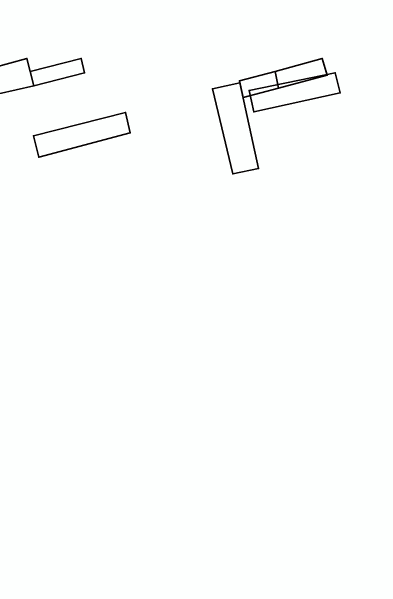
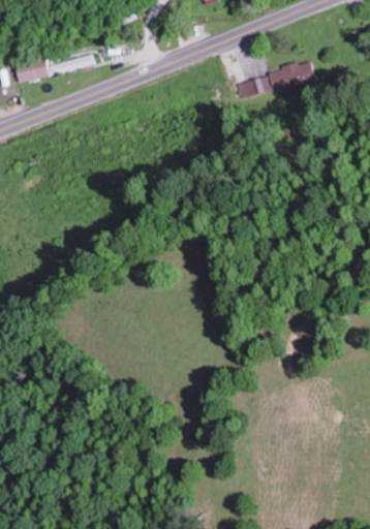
building: [213,83,259,174] -> none
building: [33,112,130,157] -> none

